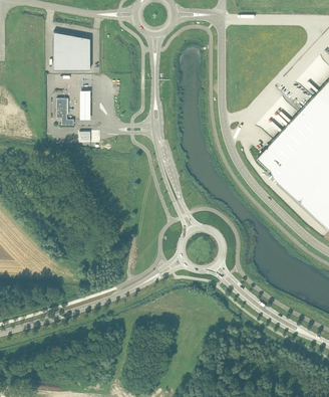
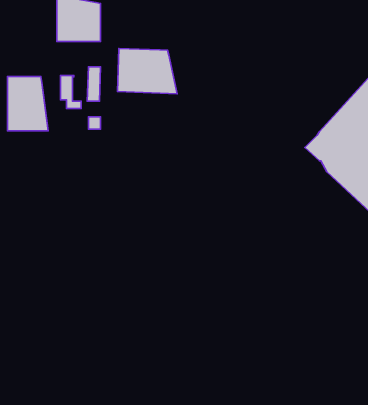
building: none -> [117,48,177,94]
building: none -> [8,77,48,131]

